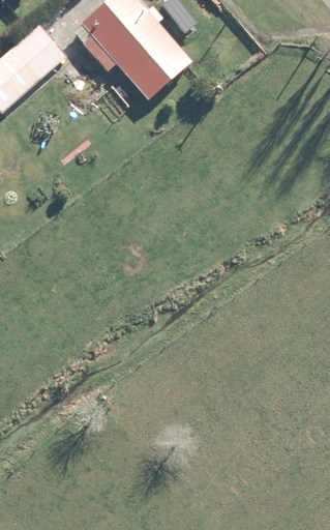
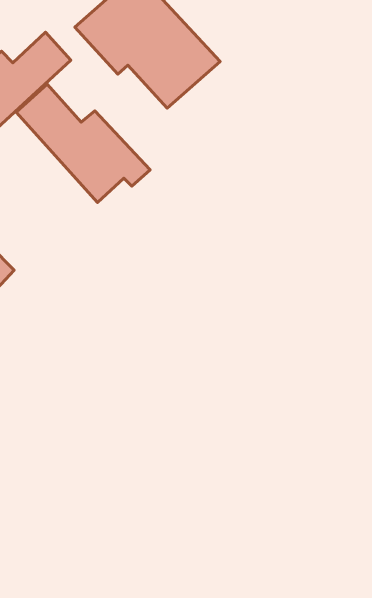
building: none -> [16,84,150,203]

